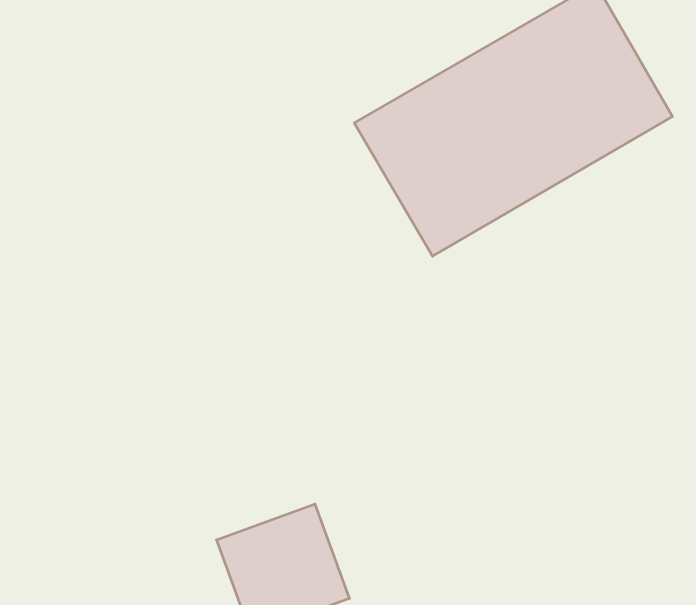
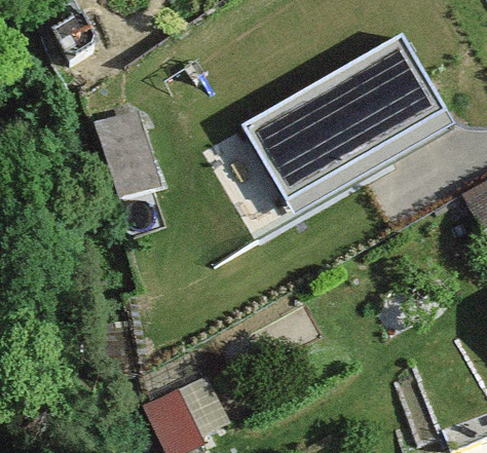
building: none -> [100,110,168,201]

